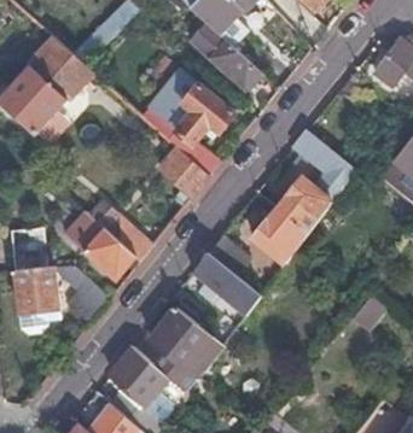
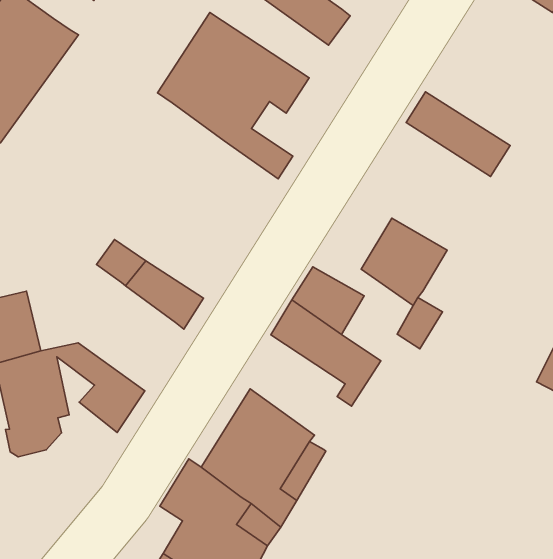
building: [158,146,208,205] -> none
building: [277,176,331,230] -> none
building: [83,228,133,277] -> none

